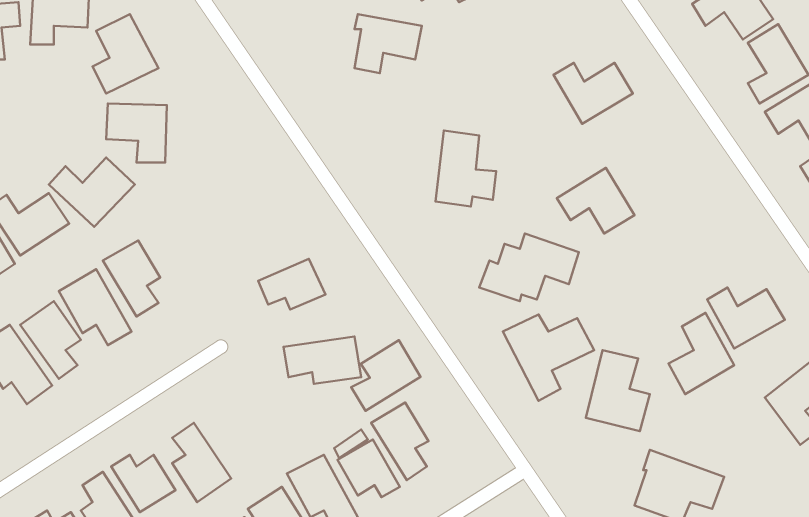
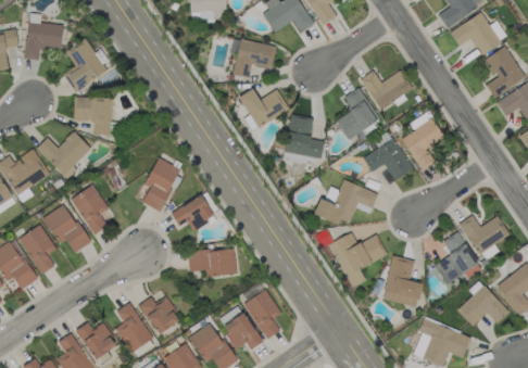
building: none -> [336,87,379,139]
building: none -> [240,89,288,127]
building: none -> [402,112,443,168]
building: none -> [141,157,180,211]
building: [351,340,420,411] -> none
building: none -> [457,285,508,326]
building: none -> [140,296,180,334]

